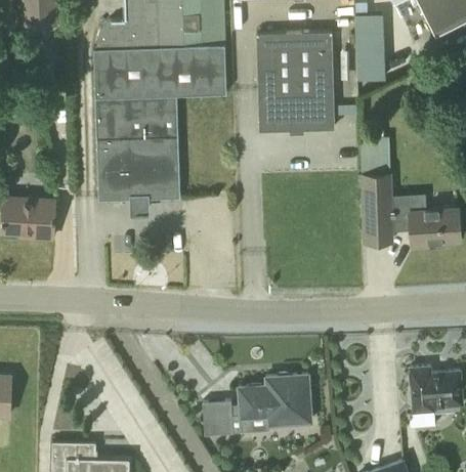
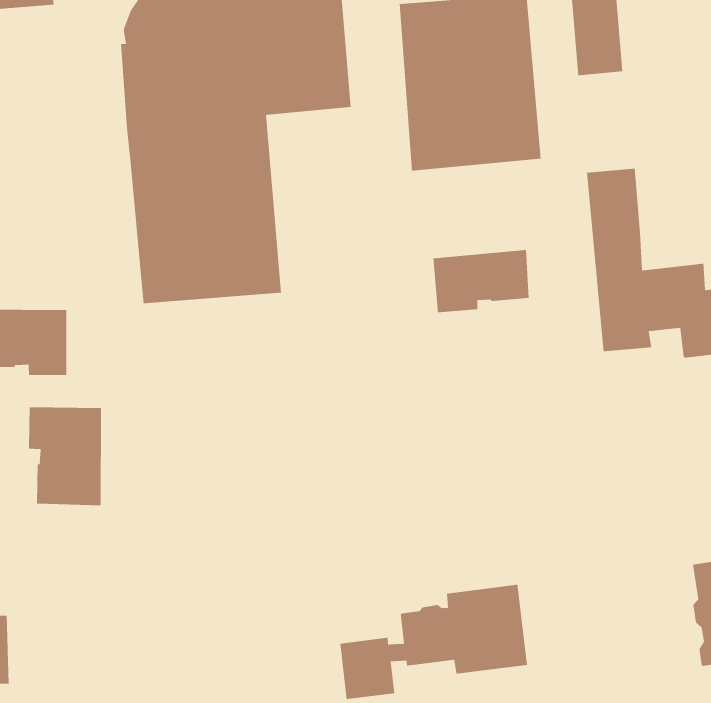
building: none -> [433,249,529,313]
building: none -> [28,407,102,506]

